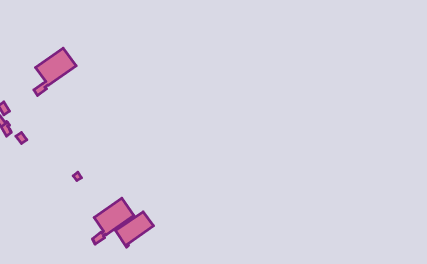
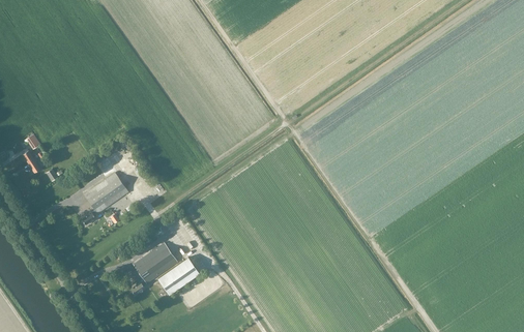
building: [34,48,76,95] -> [81,172,128,224]

